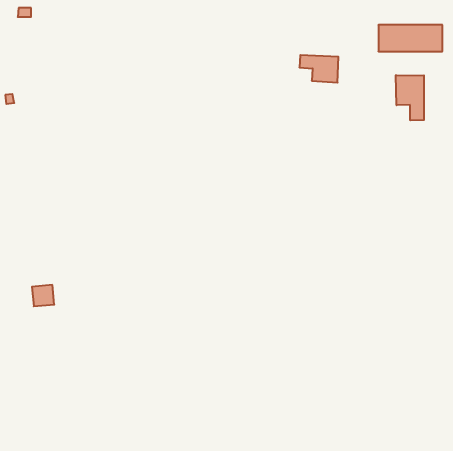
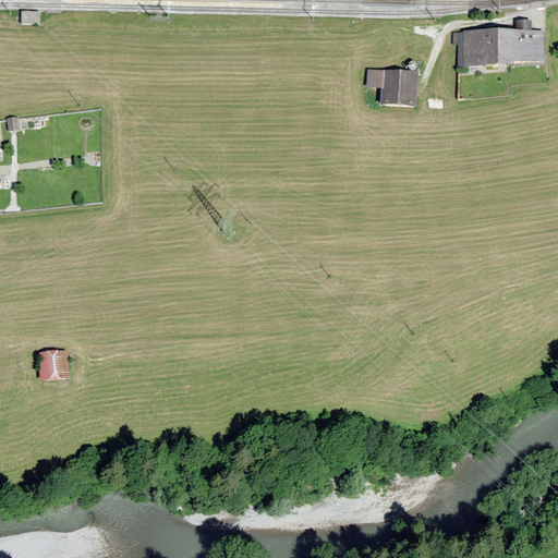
building: [396,75,424,120] -> none

